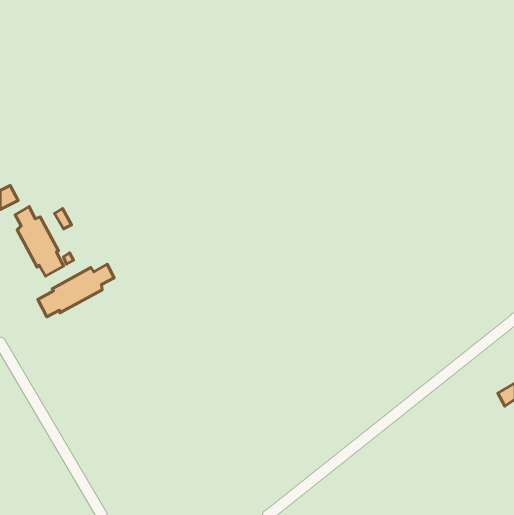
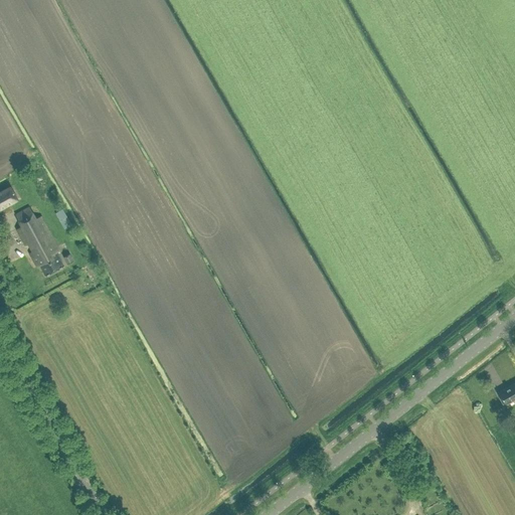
building: [38,264,114,317] -> none

